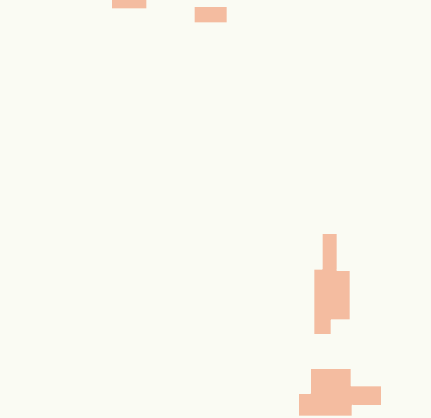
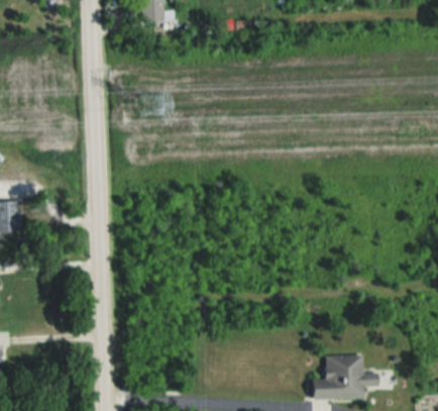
building: [314,233,350,335] -> none

